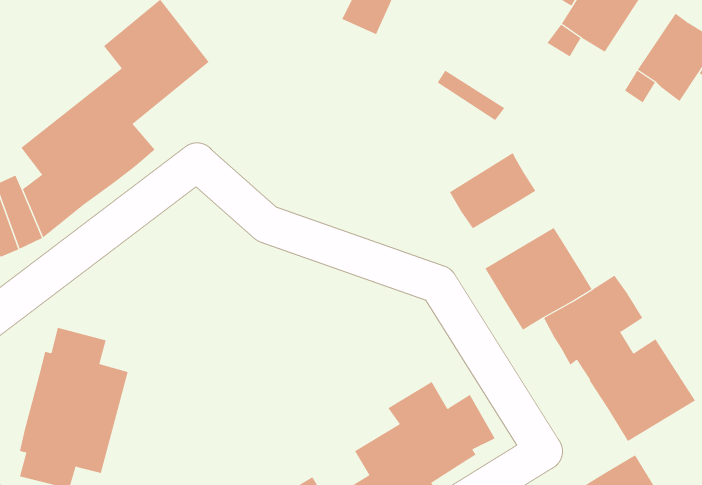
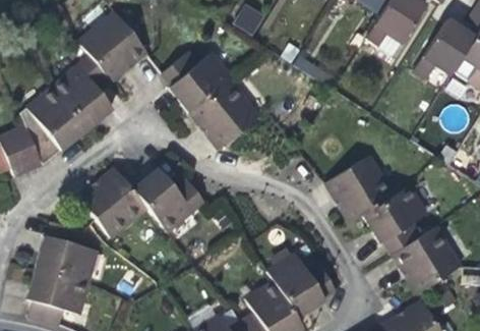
building: none -> [166,51,262,148]
building: [449,152,536,229] -> none
building: none -> [80,167,204,236]

